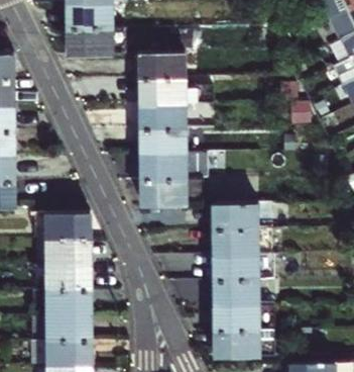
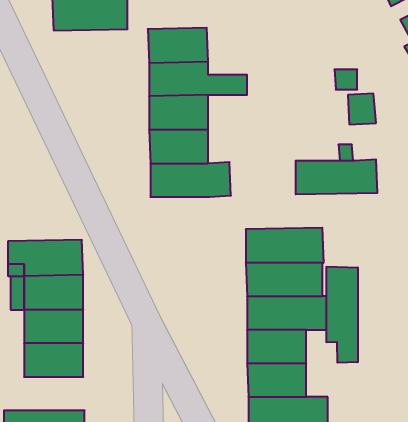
building: [141,178,203,204] -> [296,159,377,194]
building: none -> [326,267,358,363]
building: [46,314,92,340] -> none

